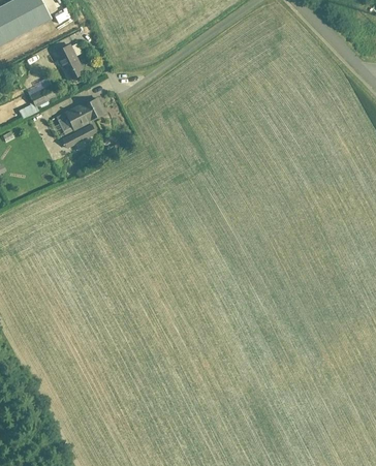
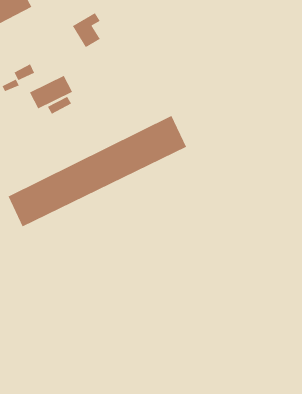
building: [51,37,84,79] -> [72,12,101,48]
building: none -> [8,115,187,228]

